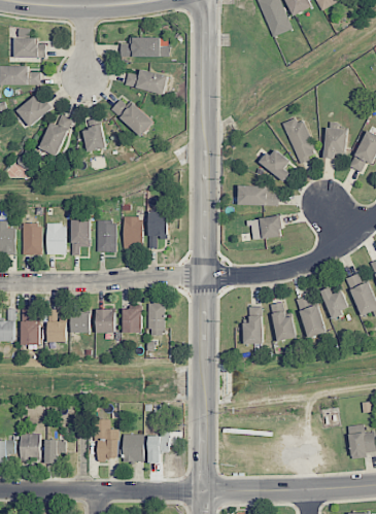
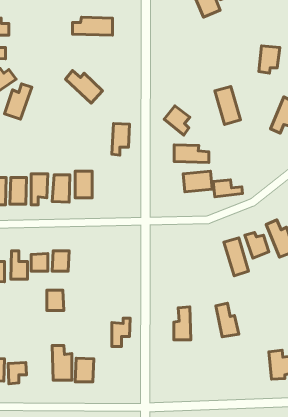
building: [125,69,168,95] -> none
building: [82,125,106,151] -> none
building: [323,128,348,160] -> [259,46,280,73]
building: [261,147,290,181] -> [164,106,190,135]
building: [147,211,168,248] -> [112,123,129,155]
building: none -> [213,180,242,197]
building: [270,302,297,341] -> [216,303,239,337]
building: [148,303,165,335] -> none
building: [243,306,263,344] -> [174,307,191,340]
building: [123,309,142,333] -> [47,290,64,310]
building: [148,431,170,464] -> [112,318,130,346]

